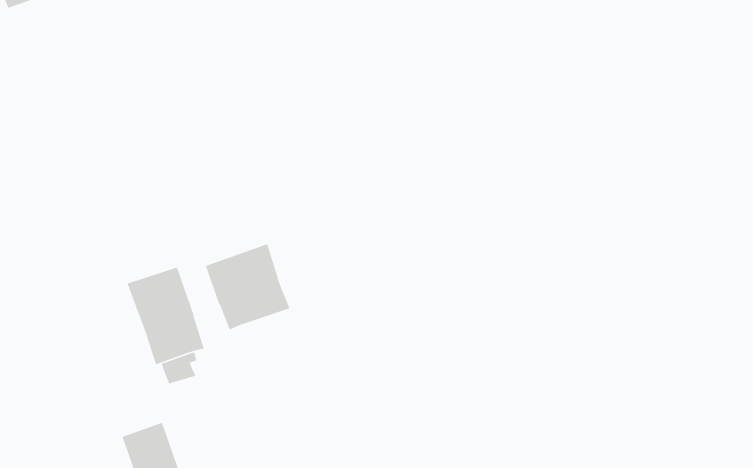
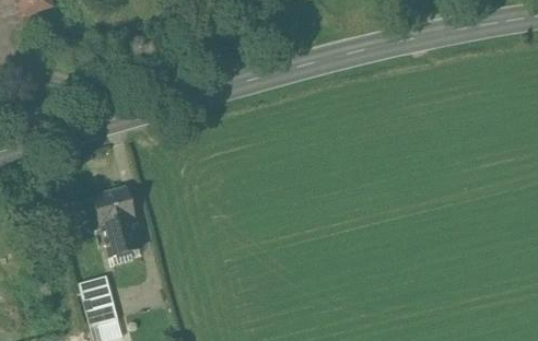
building: [205,243,290,330] -> none

